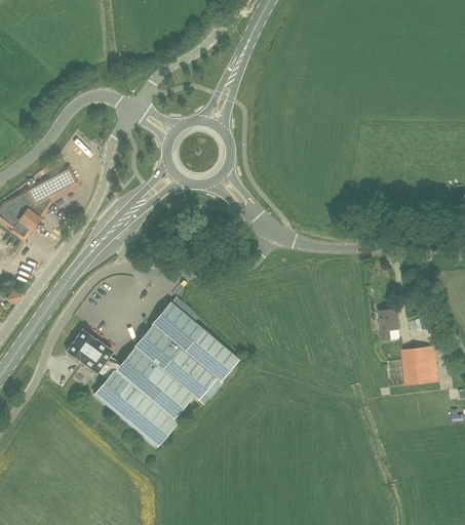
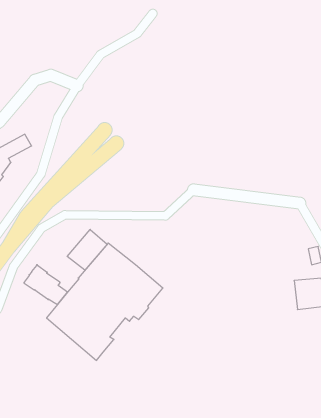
building: none -> [67,229,107,270]
building: [380,310,399,339] -> none

